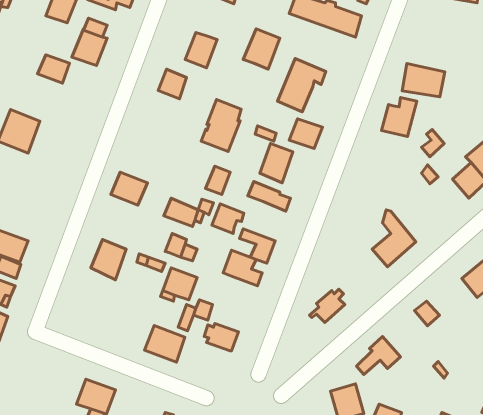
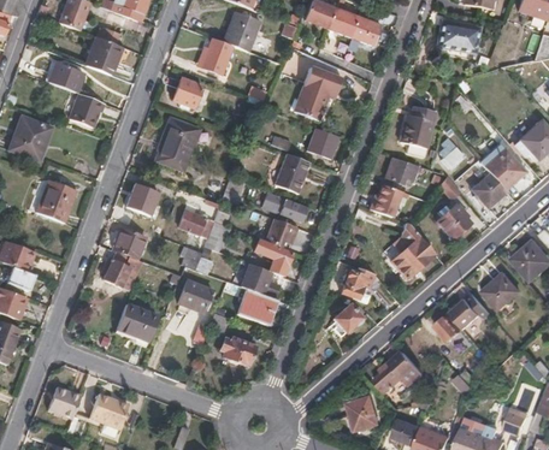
building: [243,29,280,69] -> [222,12,259,53]
building: [402,64,445,97] -> [436,20,479,54]
building: none -> [67,93,104,128]
building: [201,100,241,152] -> [154,118,195,171]
building: none -> [383,155,418,183]
building: none -> [36,180,77,223]
building: none -> [370,184,403,215]
building: none -> [435,201,470,238]
building: [212,204,244,233] -> [265,218,297,248]
building: none -> [112,227,144,256]
building: none -> [340,267,377,297]
building: none -> [237,288,273,321]
building: none -> [450,292,486,328]
building: [145,325,185,362] -> [114,302,155,339]
building: none -> [47,384,81,419]

